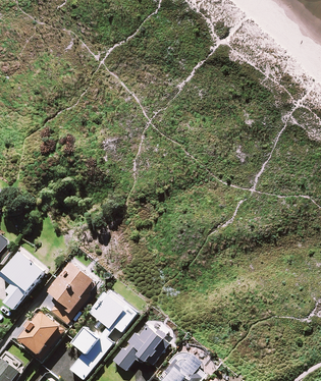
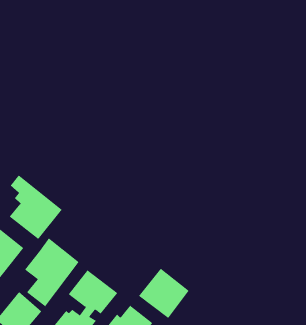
building: none -> [9,175,62,240]
building: none -> [138,268,190,319]

